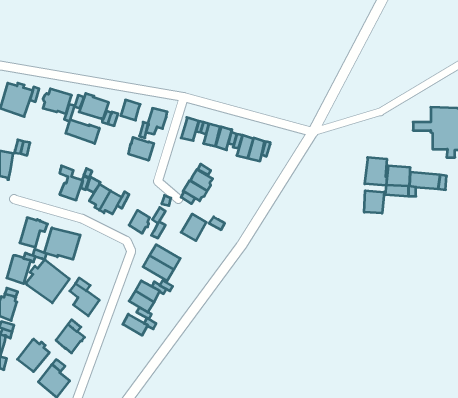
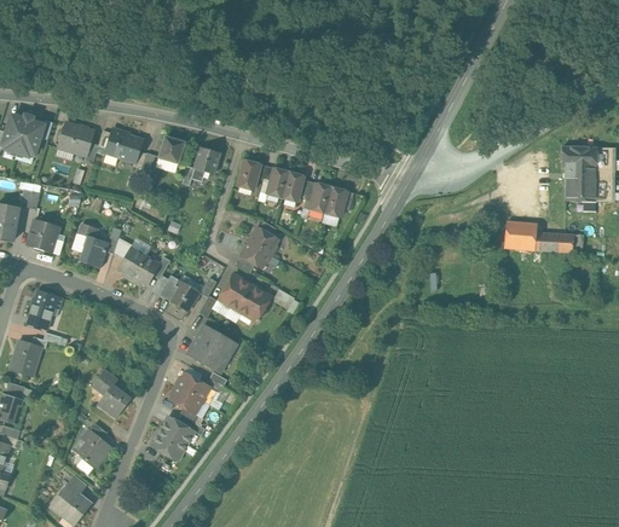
building: [66,120,99,144] -> none
building: [129,137,154,160] -> none
building: [365,157,387,185] -> none
building: none -> [27,219,59,253]
building: [364,191,384,213] -> none
building: none -> [219,274,251,309]
building: [45,228,80,259] -> none
building: [26,259,69,303] -> none
building: none -> [151,429,186,459]
building: [17,339,49,372] -> none

